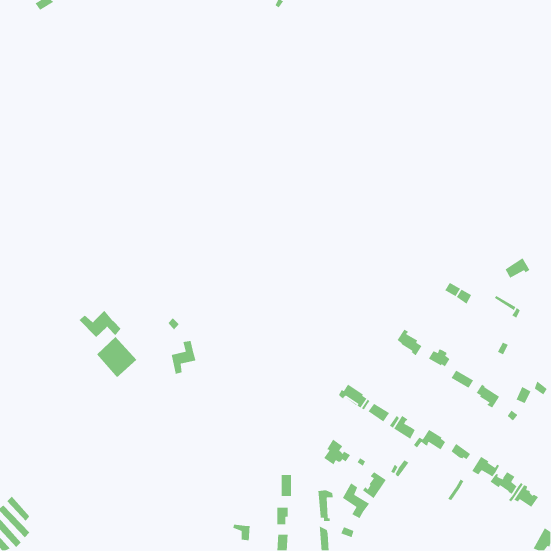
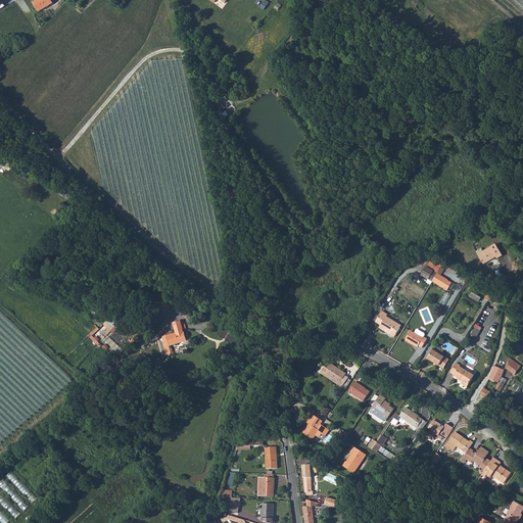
building: [79,310,121,338] -> none
building: [342,482,370,519] -> none

